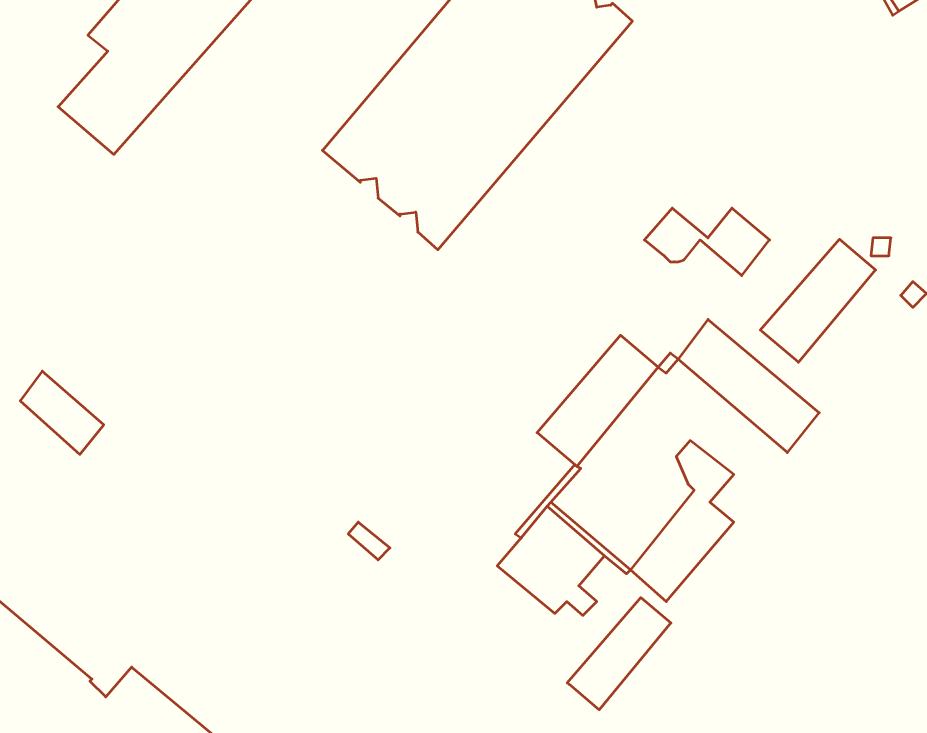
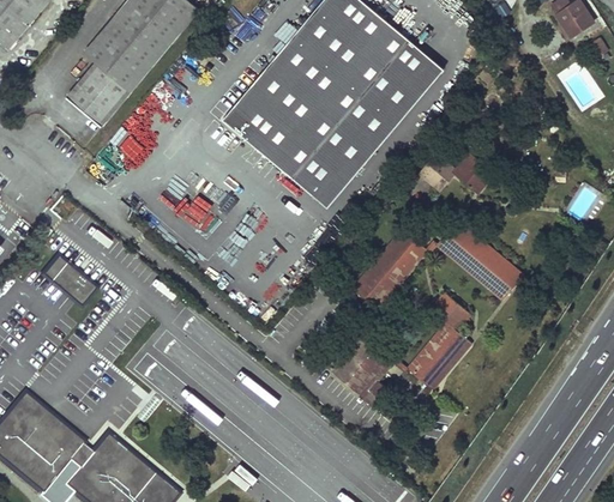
building: none -> [293,43,444,210]
building: [760,239,876,362] -> none
building: [567,598,671,710] -> none

